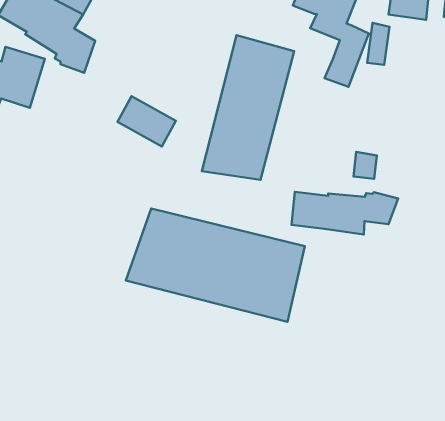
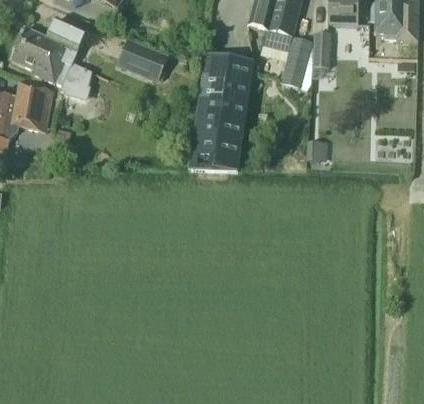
building: [118,96,176,146] -> [120,42,167,80]
building: [291,192,398,234] -> none
building: [126,208,305,322] -> none

